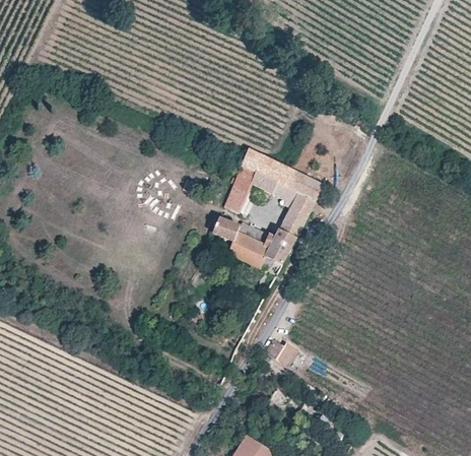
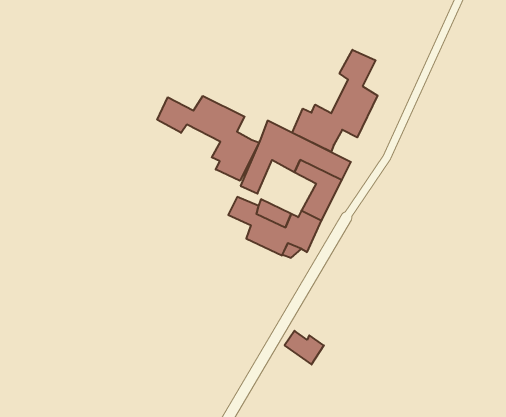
building: none -> [292,50,378,152]
building: none -> [157,96,259,181]

